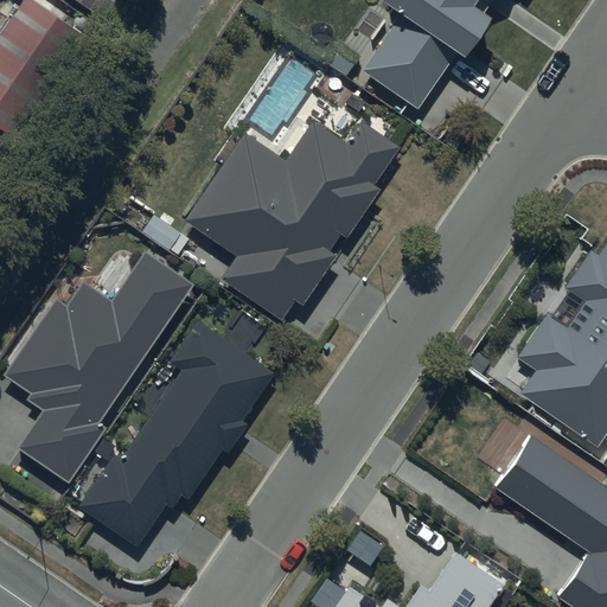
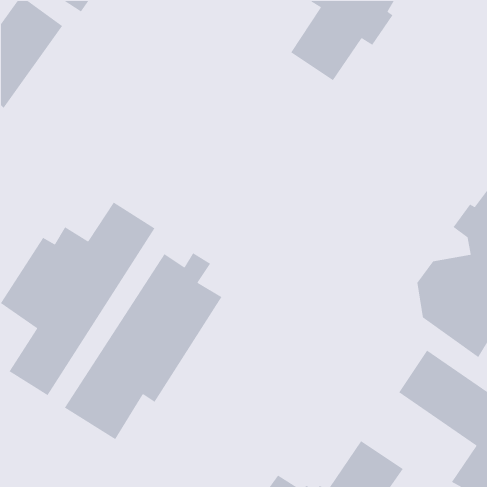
building: [185,120,397,321] -> none

